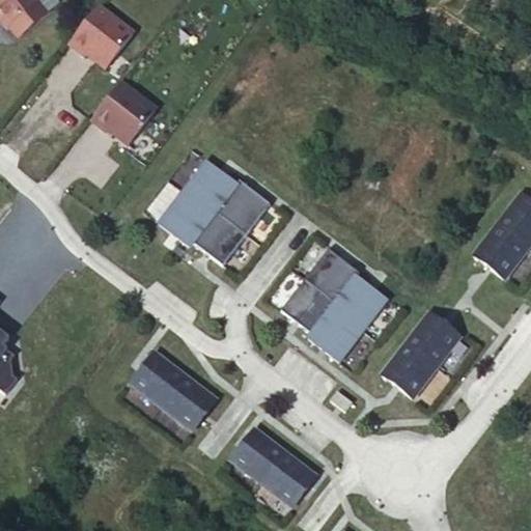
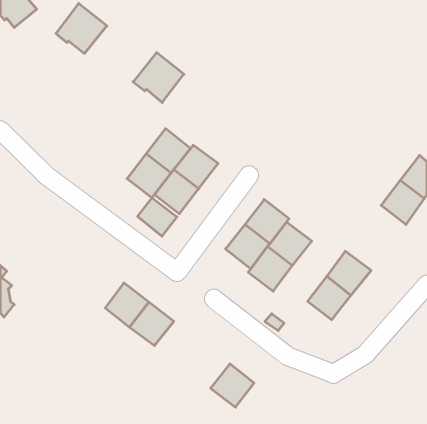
building: [91,82,155,144] -> [133,53,184,103]
building: none -> [138,198,177,236]
building: [230,428,285,482] -> none

